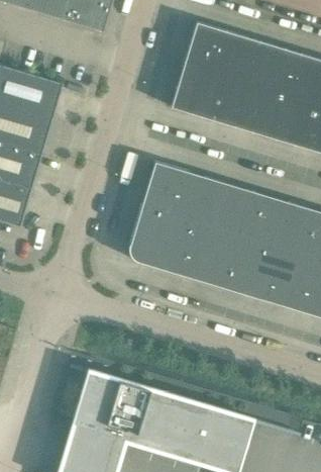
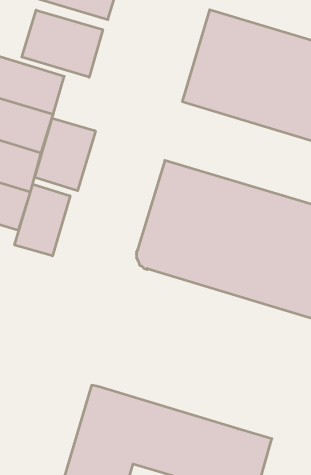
building: none -> [22,10,103,77]
building: none -> [35,118,95,191]
building: none -> [15,184,70,256]

